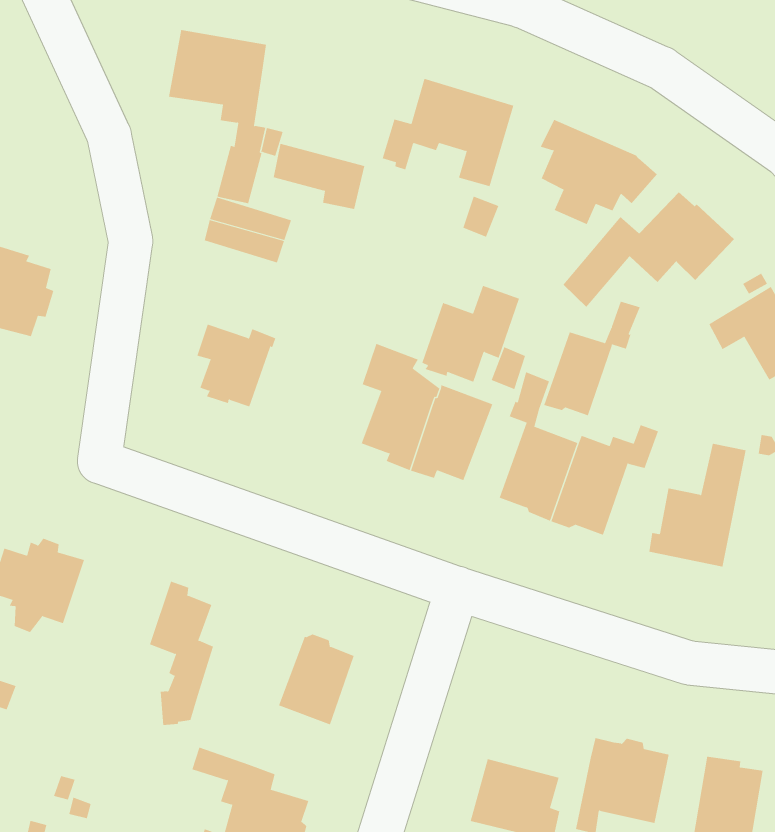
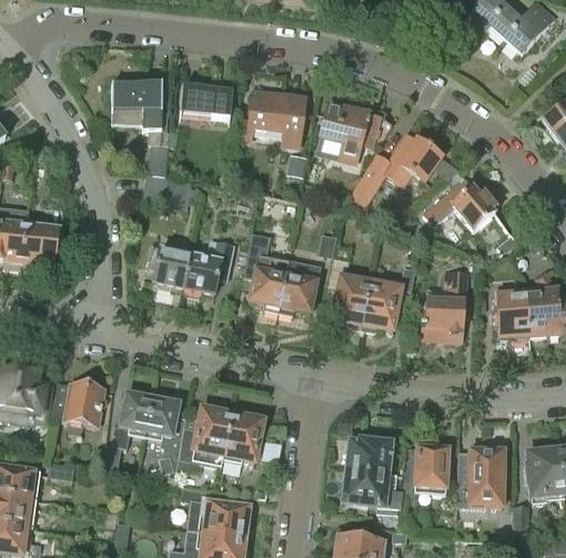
building: [273,143,365,210] -> [182,84,233,115]
building: [422,285,520,382] -> [184,240,234,295]
building: [543,301,640,416] -> none
building: none -> [111,392,154,447]
building: none -> [180,406,234,464]
building: none -> [347,437,406,470]

